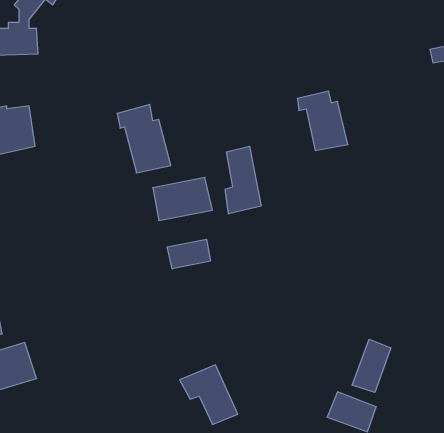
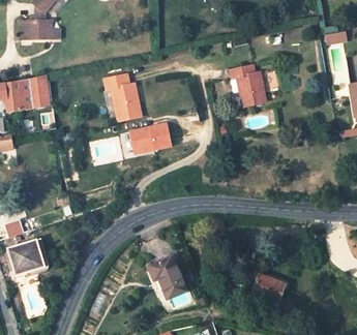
building: [225,146,261,214] -> none
building: [167,239,210,269] -> none
building: [352,339,391,392] -> none

